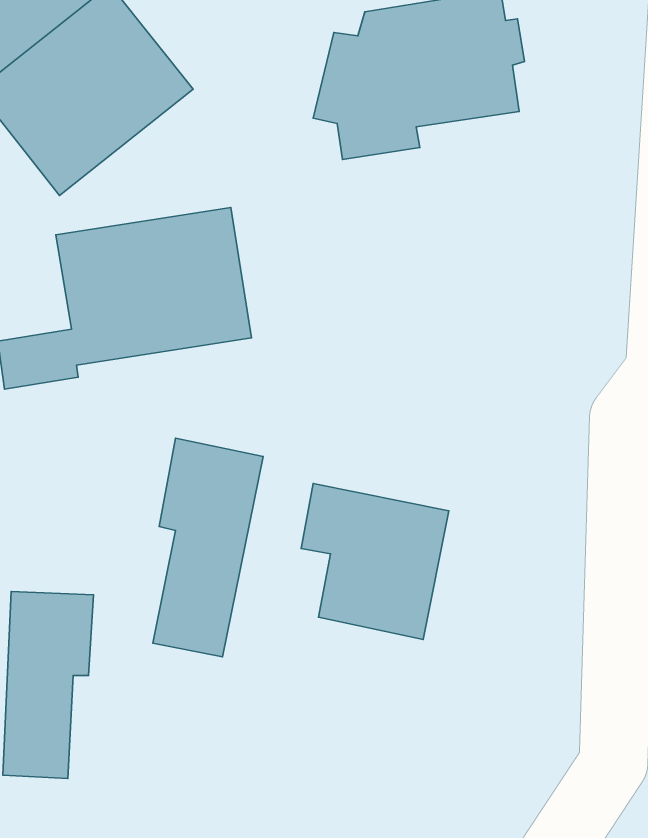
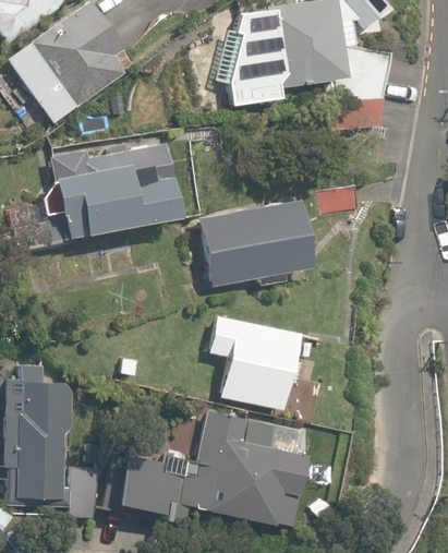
building: none -> [199,196,313,288]
building: [153,438,263,657] -> none
building: none -> [117,410,305,528]

